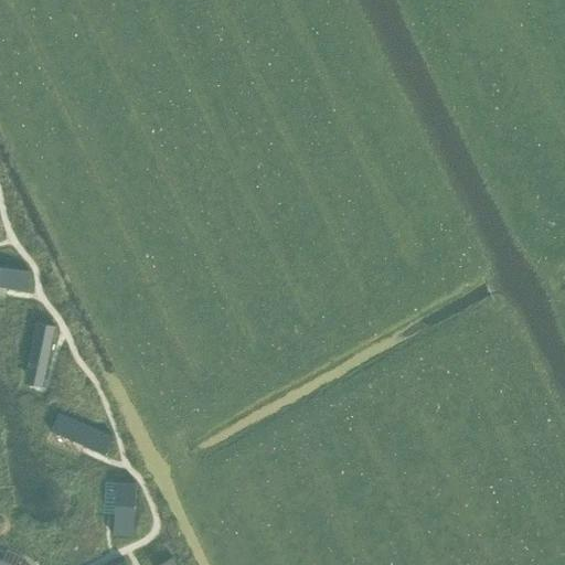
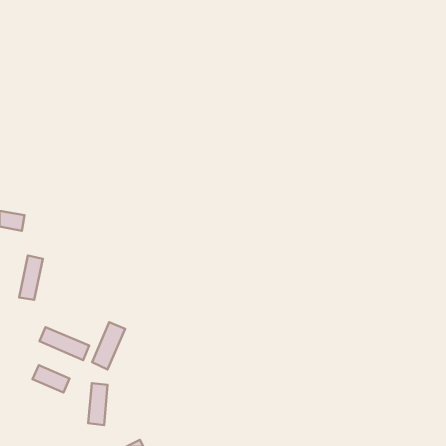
building: none -> [92,322,125,369]
building: none -> [33,365,69,393]

